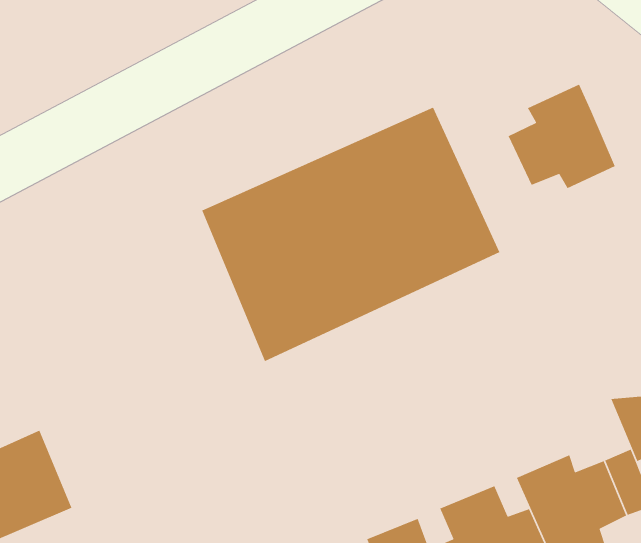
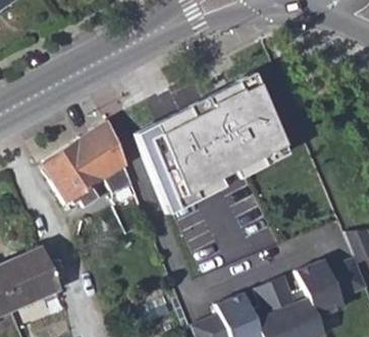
building: [507,84,616,189] -> none
building: none -> [44,121,136,206]

